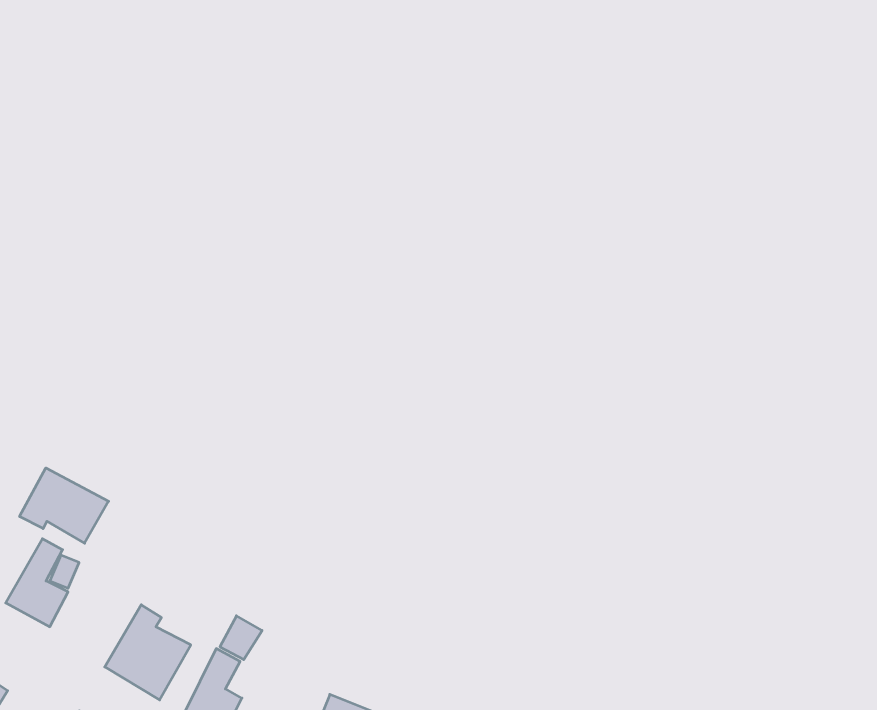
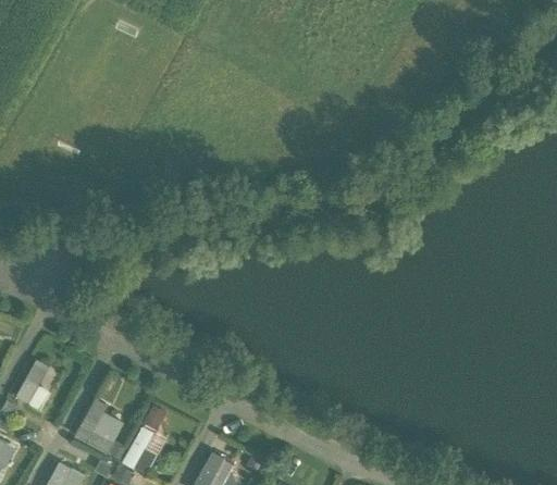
building: [20,468,109,543] -> none

